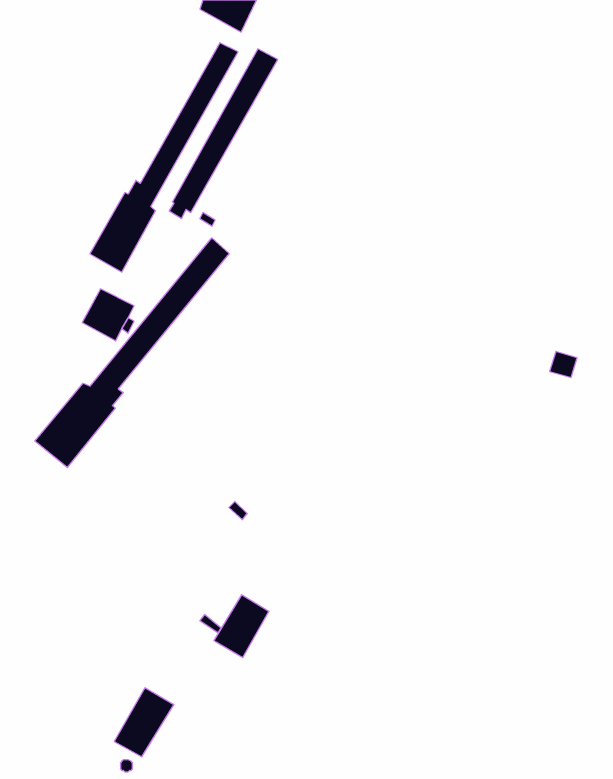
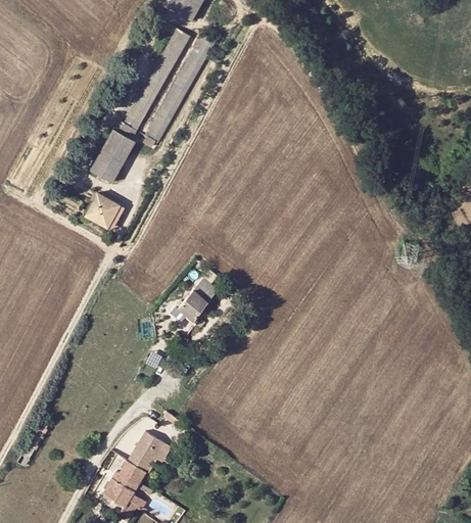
building: [35,238,229,468] -> none
building: none -> [178,271,217,322]
building: [214,595,269,657] -> [127,430,163,472]

